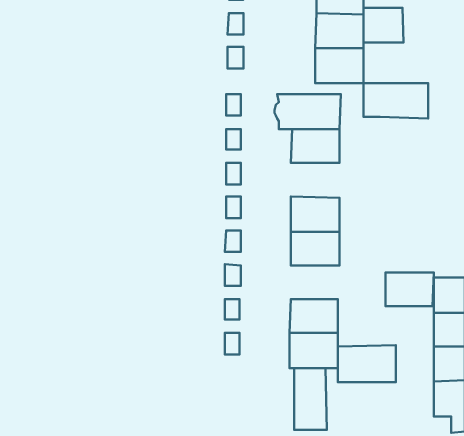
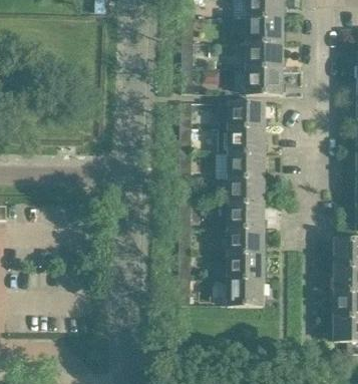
building: [364,8,404,42] -> none
building: [364,83,428,118] -> [216,153,264,179]
building: [385,273,434,306] -> [228,230,264,255]
building: [338,345,396,382] -> none
building: [294,368,327,430] -> none

